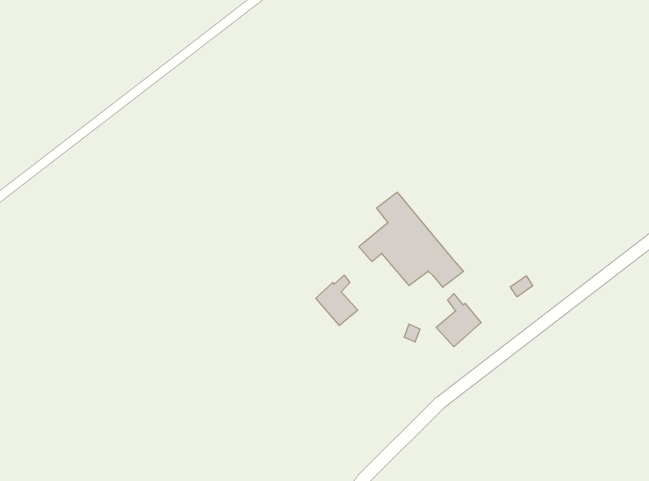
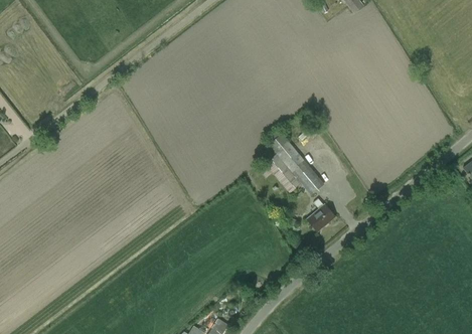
building: [316,275,358,325] -> none

